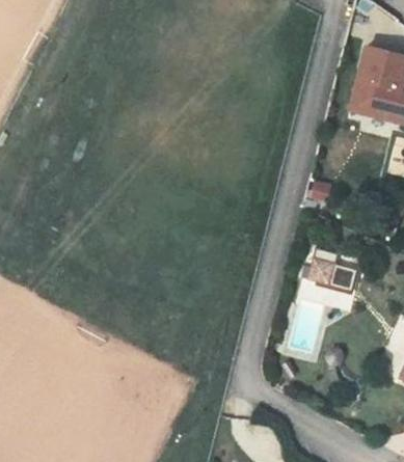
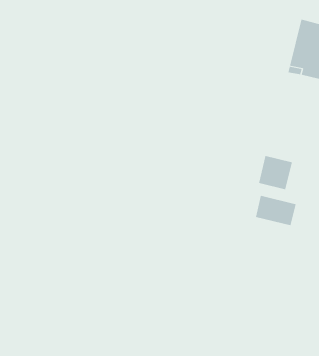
building: none -> [258,155,292,190]

